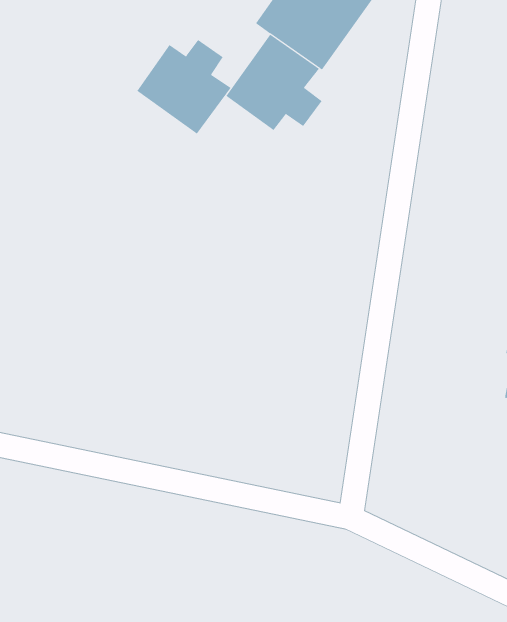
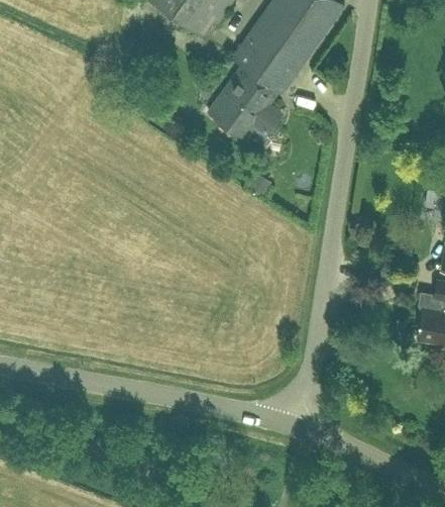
building: [136,39,232,135] -> none

